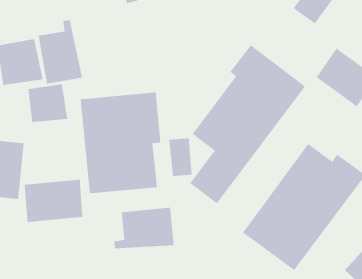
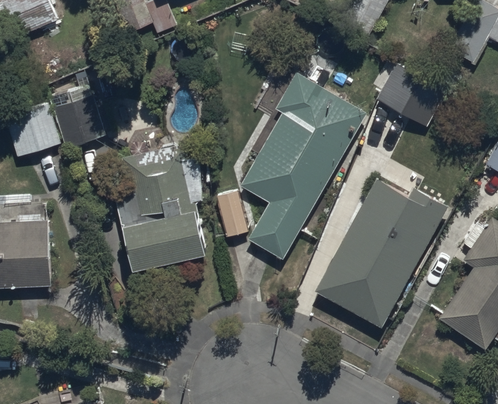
building: [28,83,68,123] -> none
building: [24,179,83,223] -> none
building: [113,207,174,249] -> none

